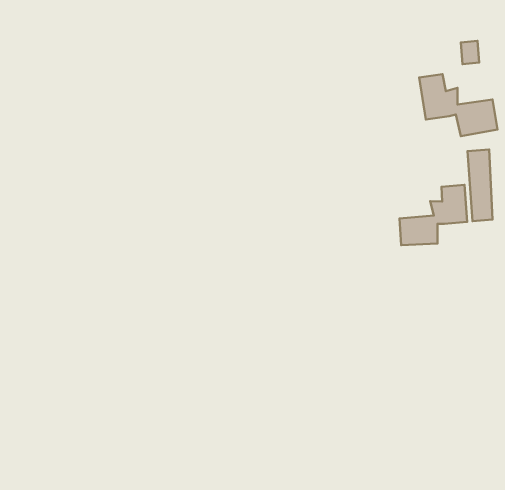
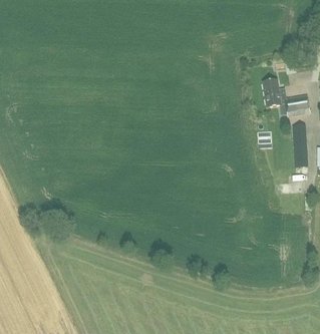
building: [400,185,467,245] -> none

